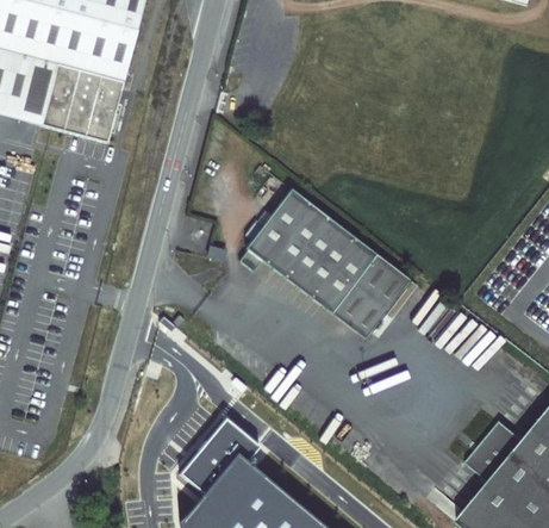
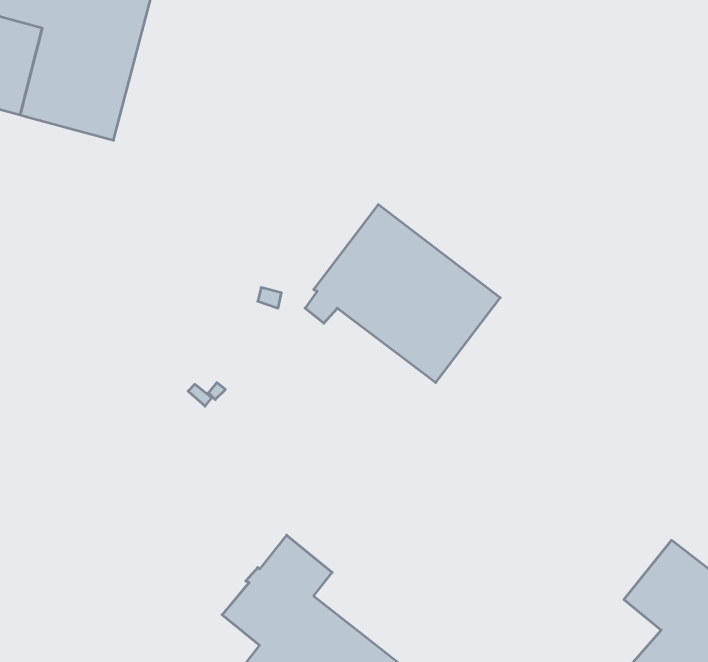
building: [332,253,411,338] -> none

